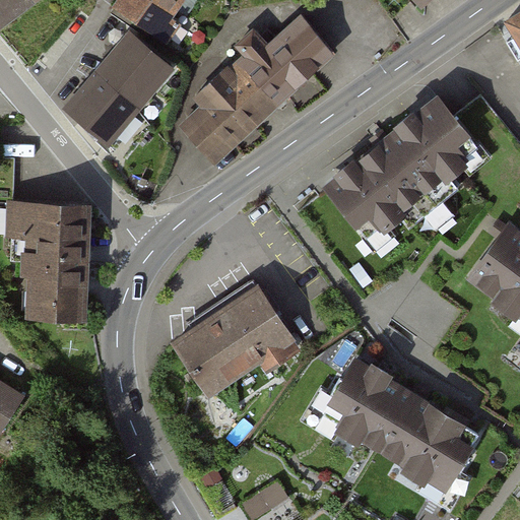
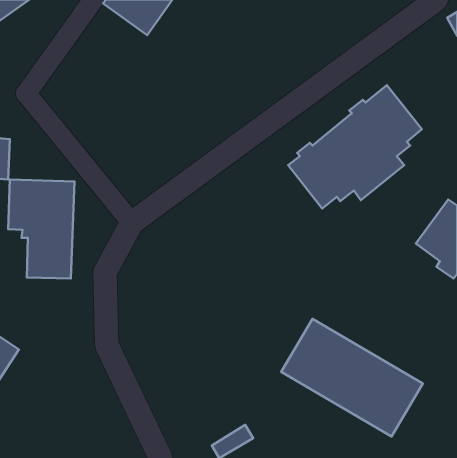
building: [180,16,333,161] -> none
building: [67,35,170,142] -> none
building: [166,290,290,402] -> none

